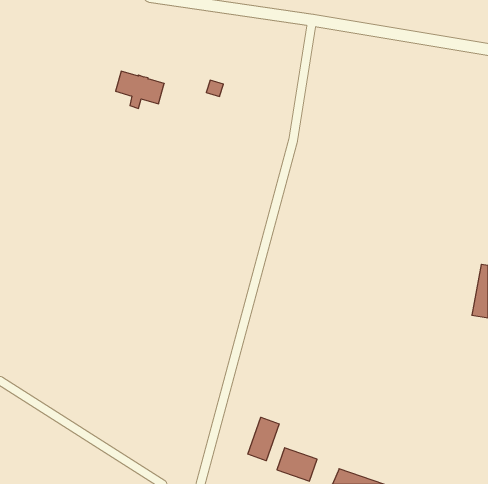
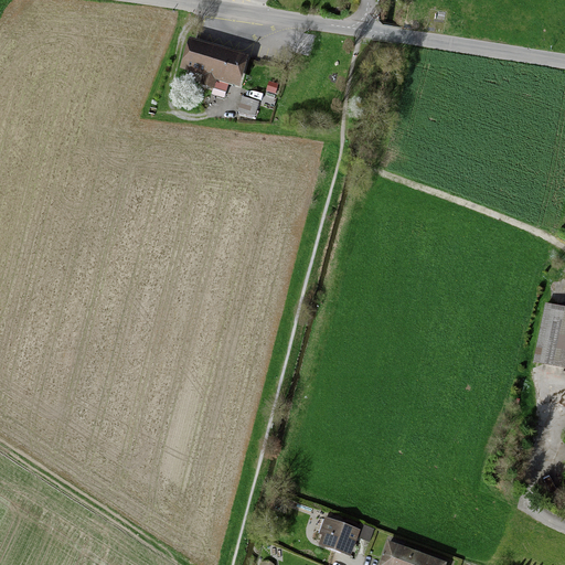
building: [116,71,164,108] -> [186,41,243,84]
building: [248,417,279,461] -> none

